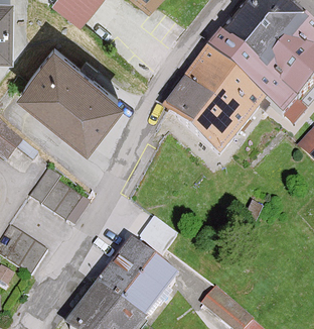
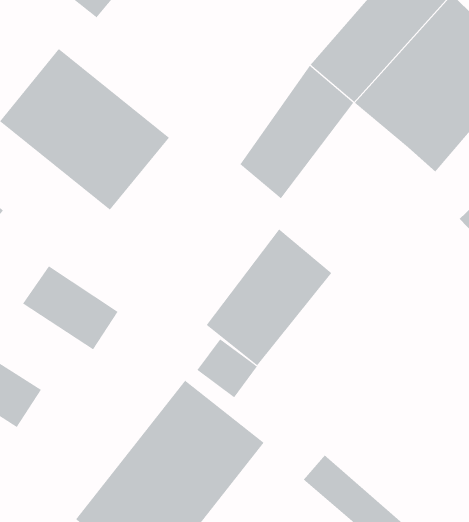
building: [188,74,265,157] -> [206,228,332,366]

